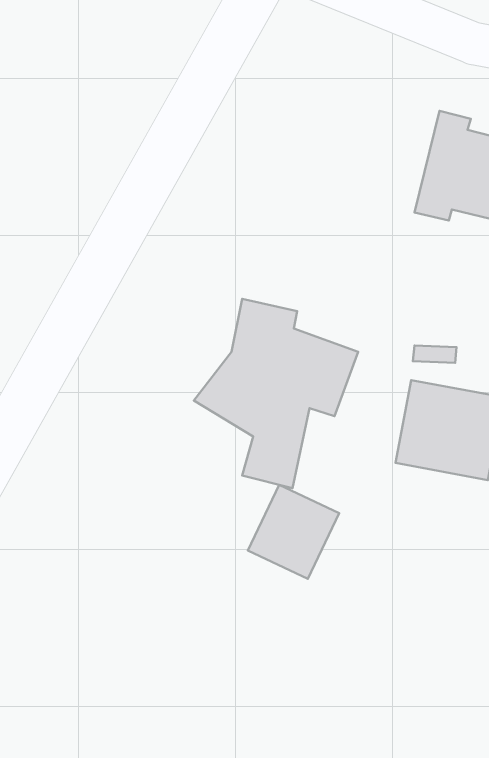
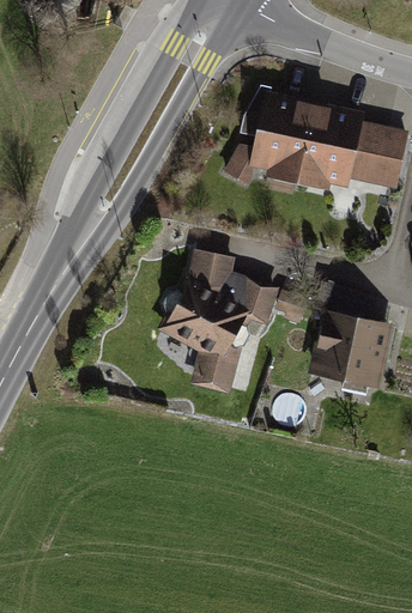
building: none -> [219,89,341,188]
building: [248,485,339,579] -> none

